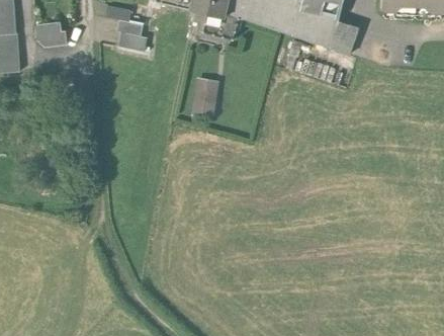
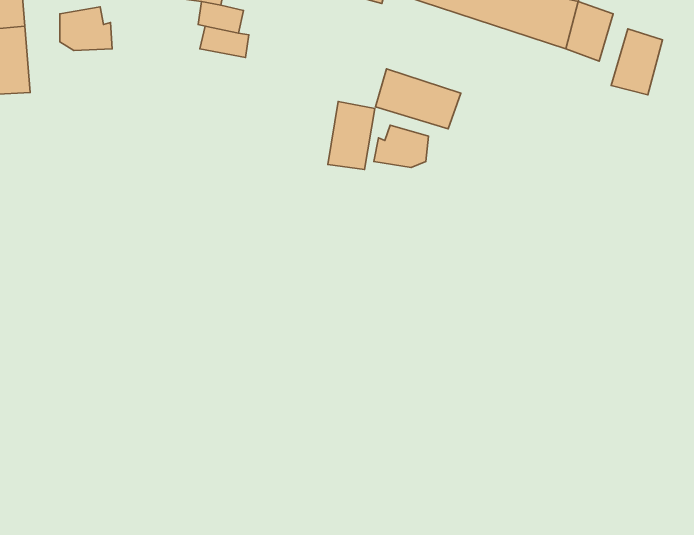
building: none -> [611,29,662,95]
building: none -> [375,69,461,129]
building: none -> [374,125,429,168]

